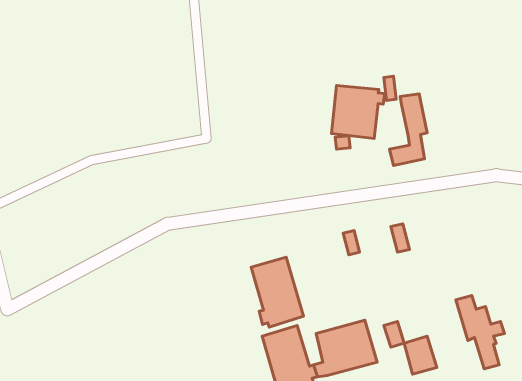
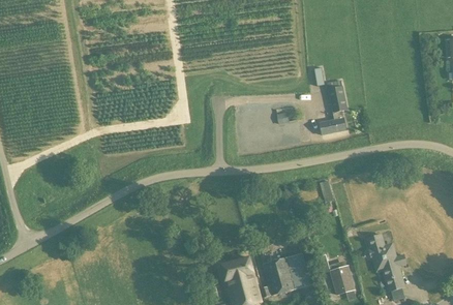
building: [331,86,385,138] -> none
building: [251,257,303,327] -> none

